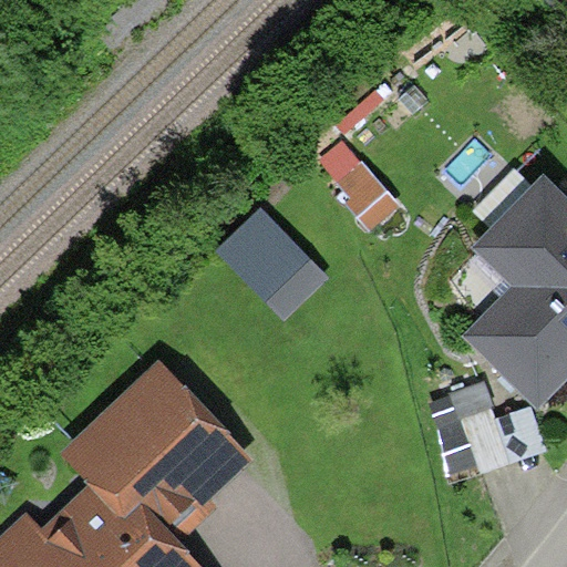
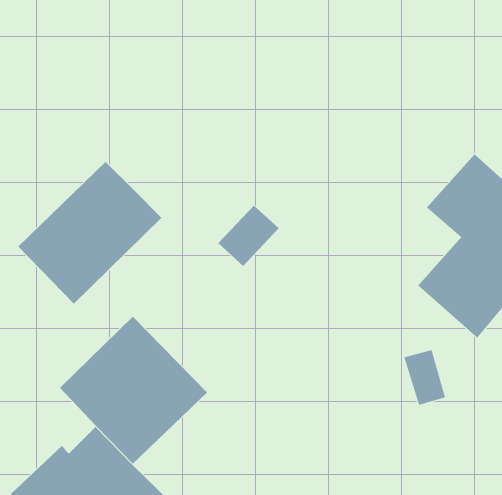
building: none -> [18,161,162,305]

